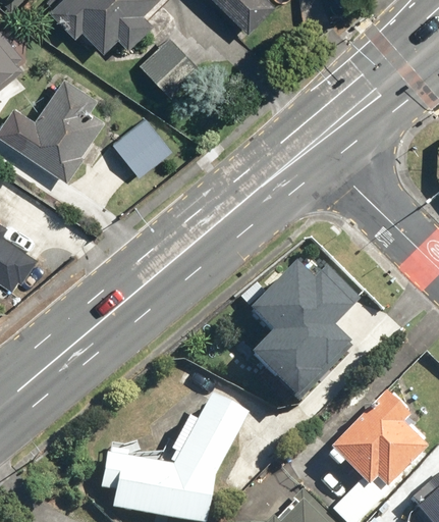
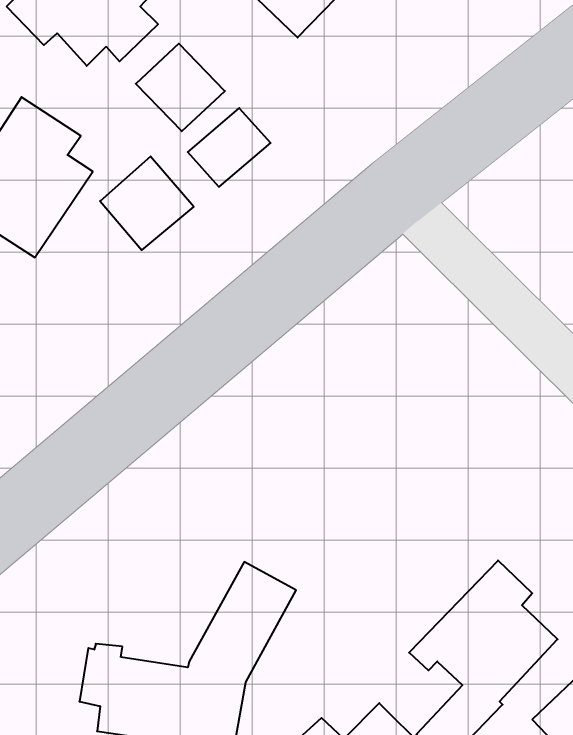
building: none -> [188,108,271,187]
building: [248,260,359,398] -> none

